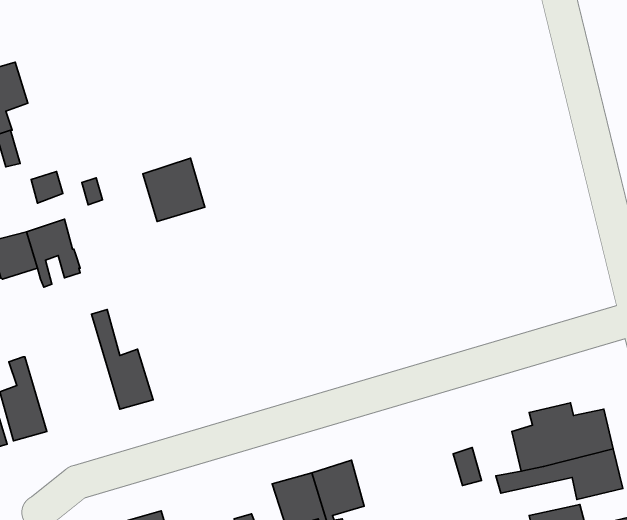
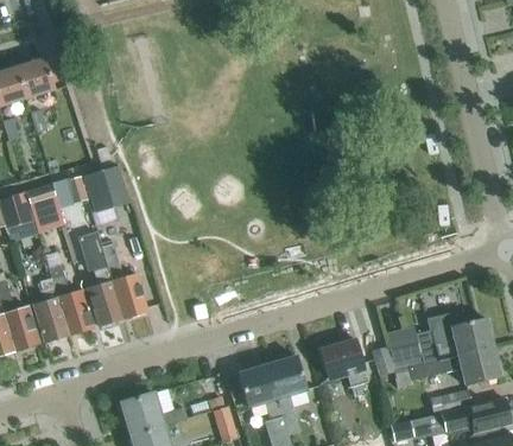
building: [143,158,205,222] -> [83,165,129,212]
building: none -> [78,232,122,326]
building: none -> [44,251,93,334]
building: none -> [387,336,420,367]
building: none -> [318,338,365,391]

